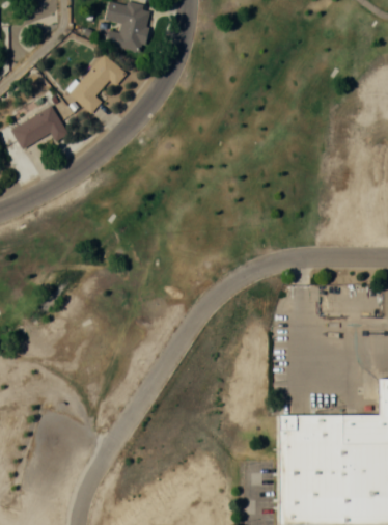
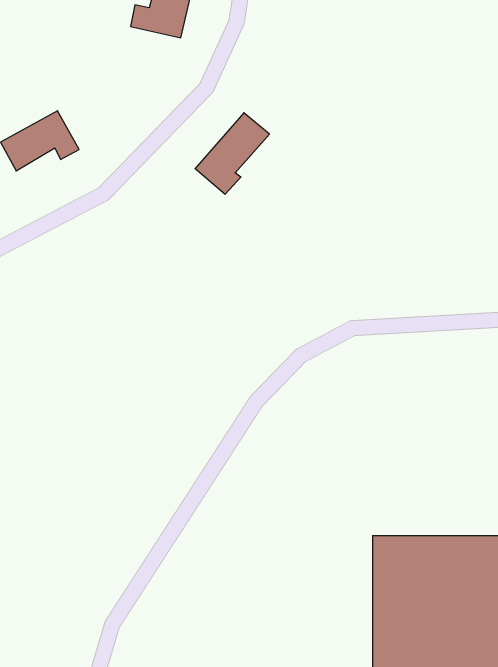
building: [68,54,122,113] -> [195,113,269,194]

